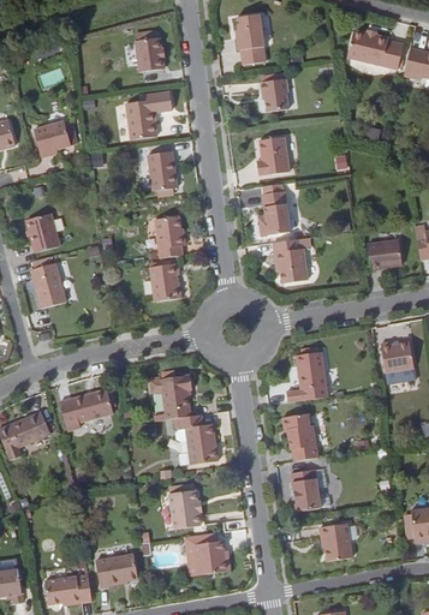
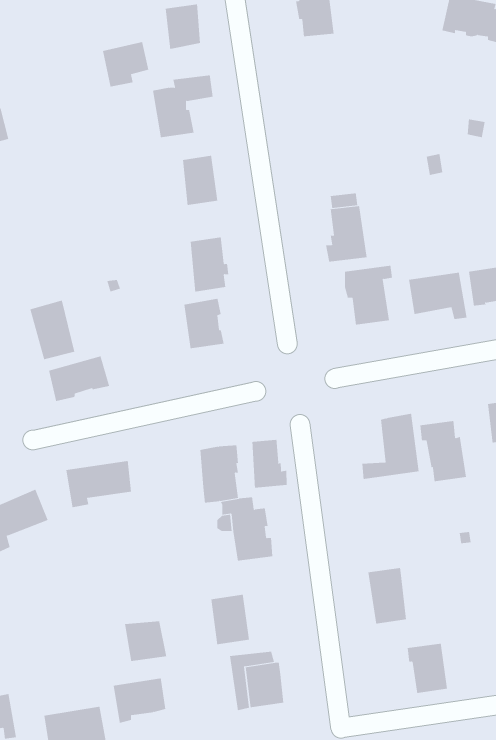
building: [261,79,287,113] -> none
building: [44,120,81,155] -> [102,41,149,87]
building: [257,136,290,174] -> none
building: [26,215,61,253] -> none
building: none -> [408,272,467,320]
building: none -> [48,355,110,402]
building: none -> [252,439,287,488]
building: [284,414,320,461] -> [420,420,467,482]
building: none -> [125,620,167,662]

